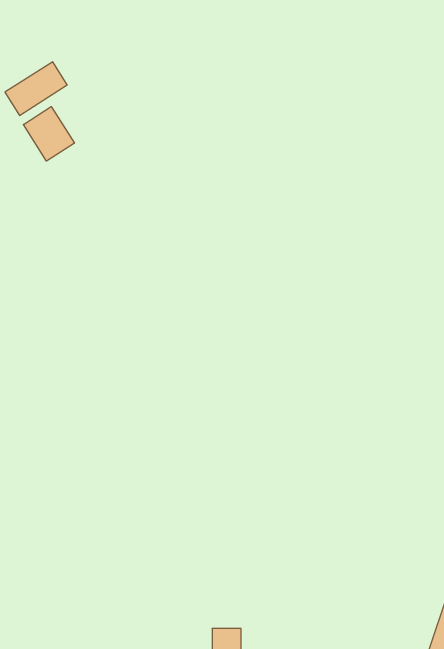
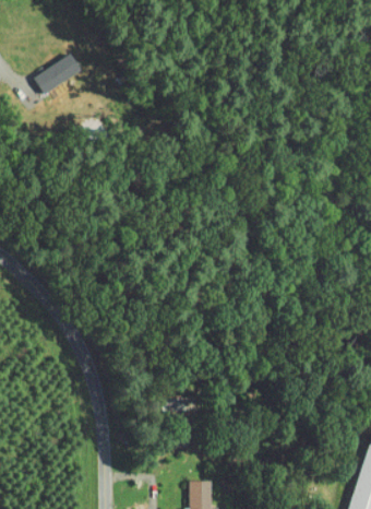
building: [23,107,74,161] -> none

